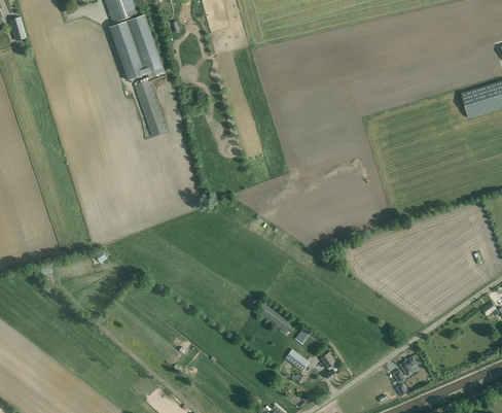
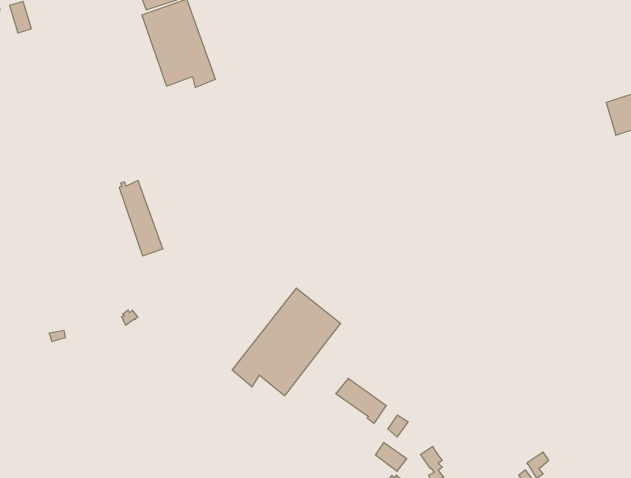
building: [135,79,168,136] -> [119,181,163,256]
building: none -> [232,288,341,396]

